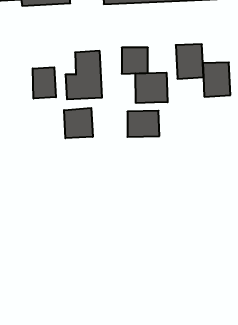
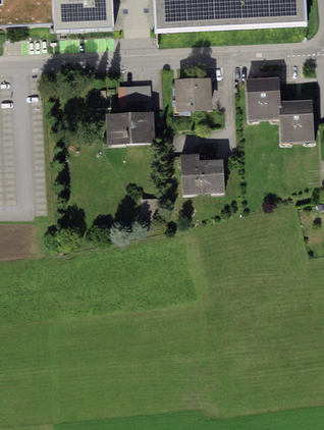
building: [33,67,56,99] -> none
building: [136,73,168,103] -> none
building: [64,108,93,138] -> none

